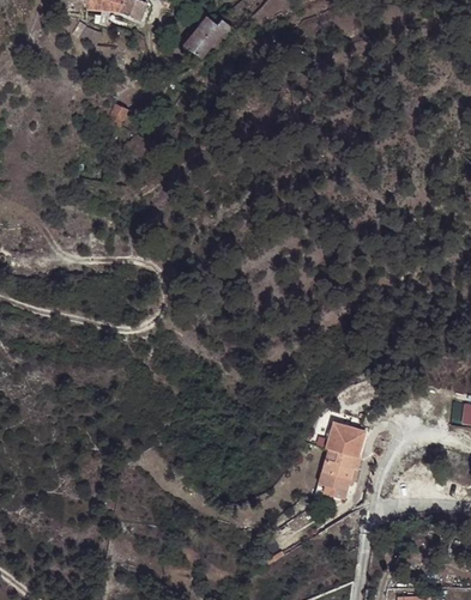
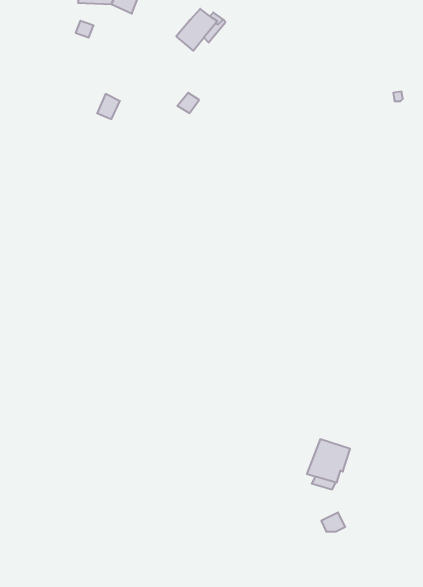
building: [327,419,367,456] -> none

